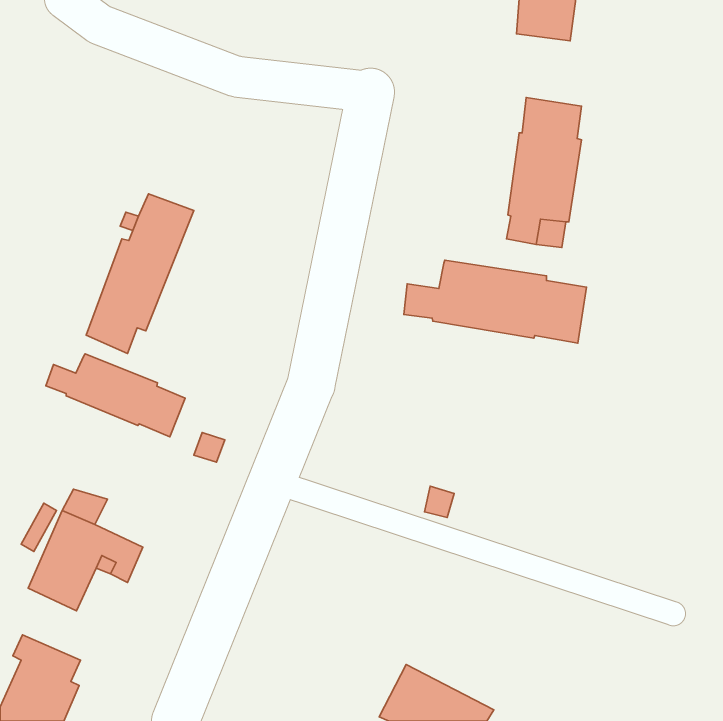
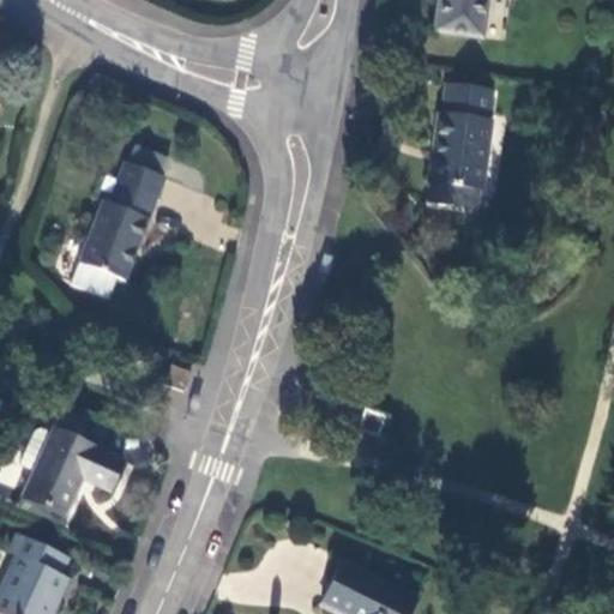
building: [404,260,587,343] -> none
building: [46,354,185,437] -> none

